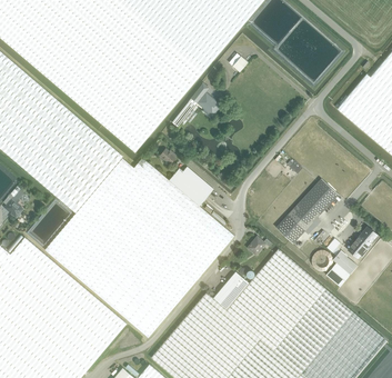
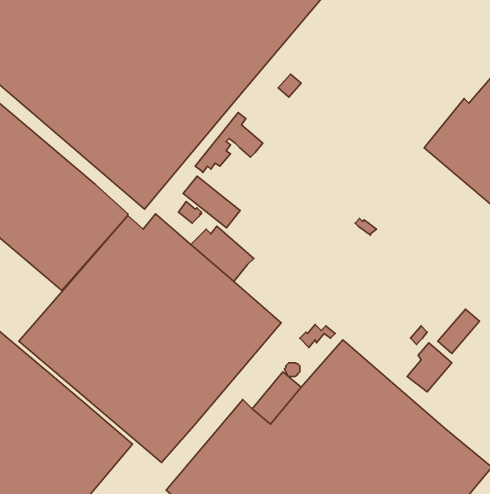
building: none -> [183,176,240,228]
building: [277,179,339,243] -> none

